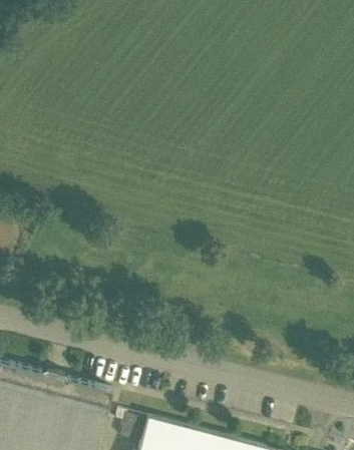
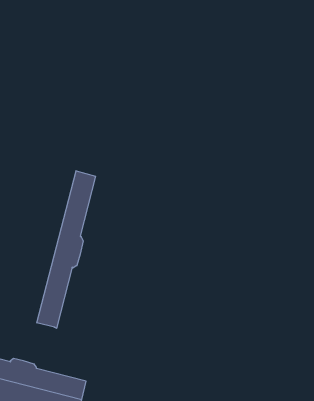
building: none -> [37,171,95,328]

